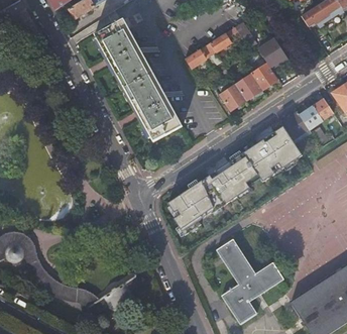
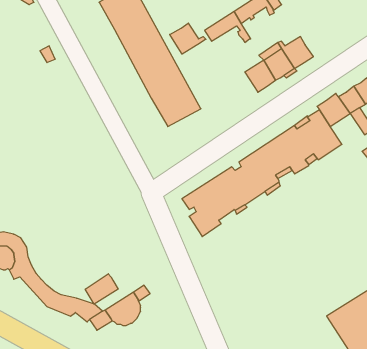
building: [257,38,288,71] -> none
building: none -> [170,23,206,54]
building: [215,237,283,324] -> none
building: none -> [85,274,118,304]

